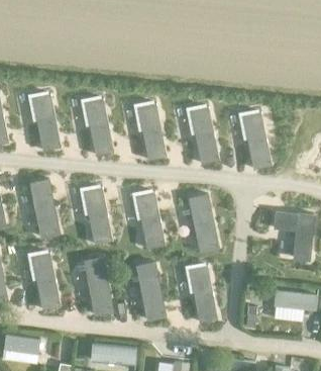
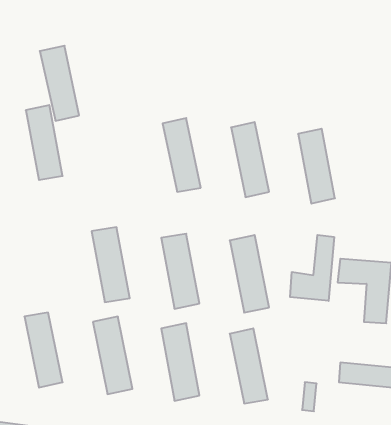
building: [83,98,113,156] -> [40,46,79,121]
building: [28,179,59,238] -> none
building: none -> [290,235,334,301]

